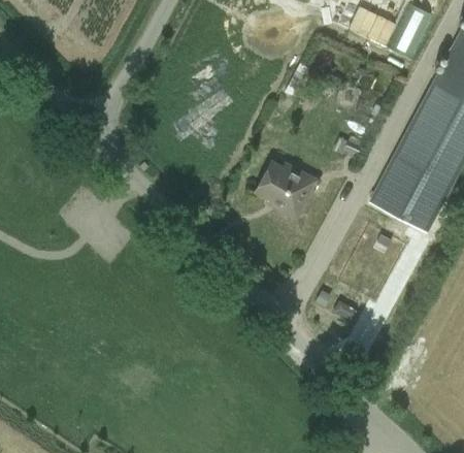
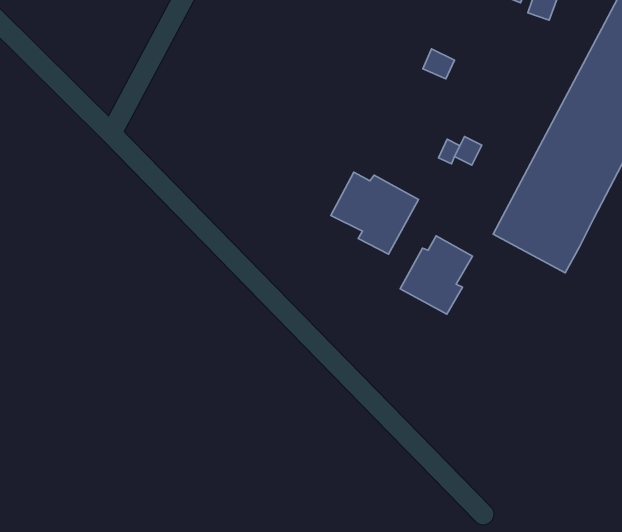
building: none -> [400,236,473,314]

